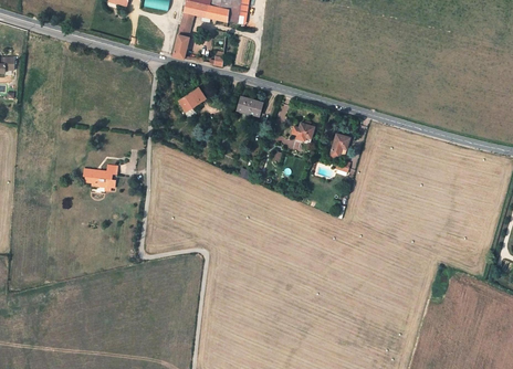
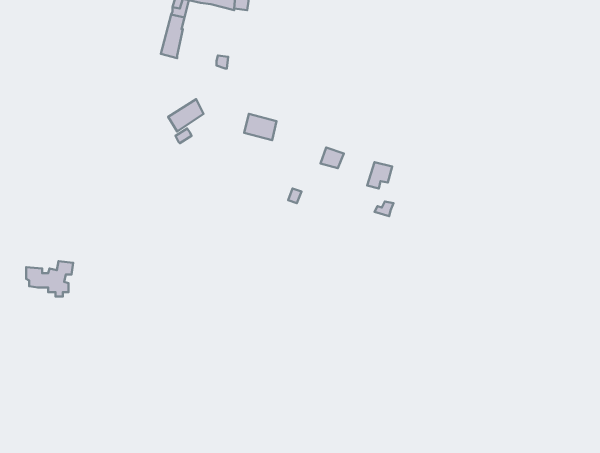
building: [84,164,119,190] -> [26,261,73,296]

